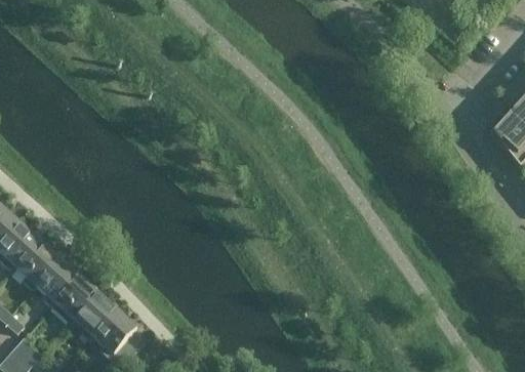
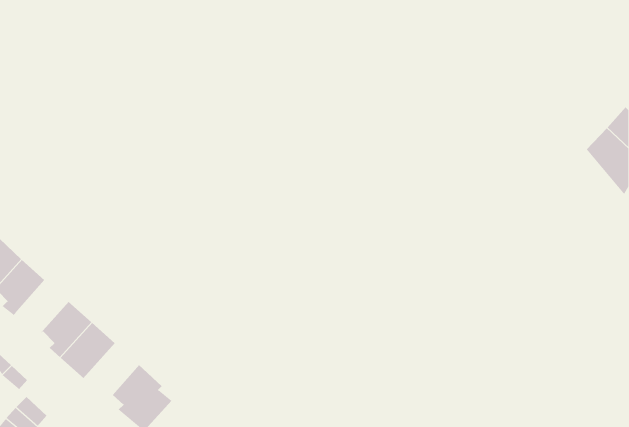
building: [16,239,58,286] -> none
building: [71,291,117,338] -> none

